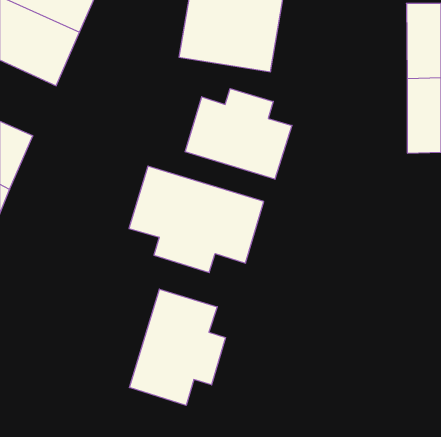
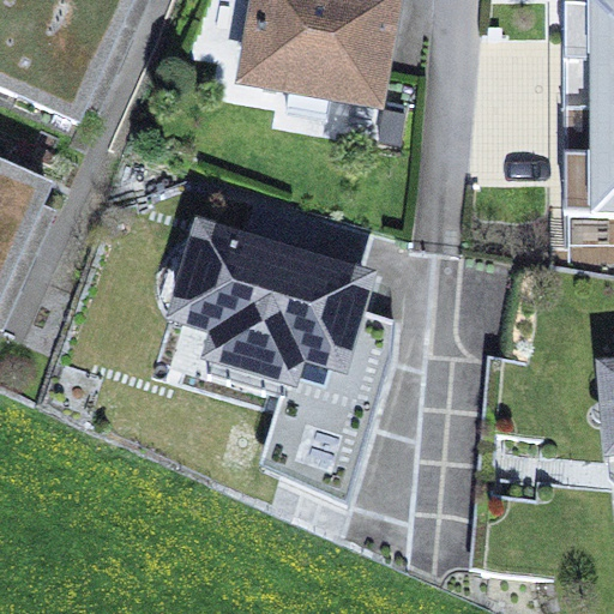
building: [185,89,292,179] -> none
building: [129,289,226,405] -> none

